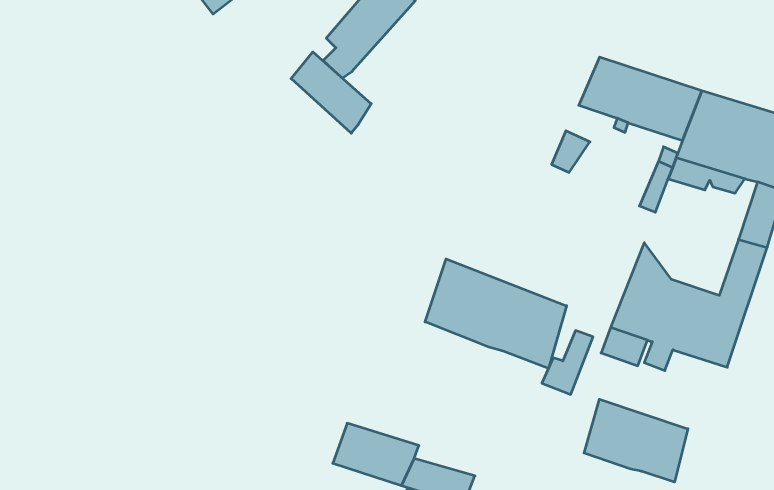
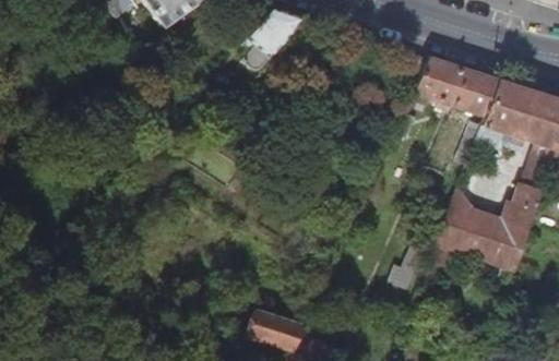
building: [291,52,371,133] -> none
building: [425,259,567,369] -> none
building: [584,399,688,482] -> none

